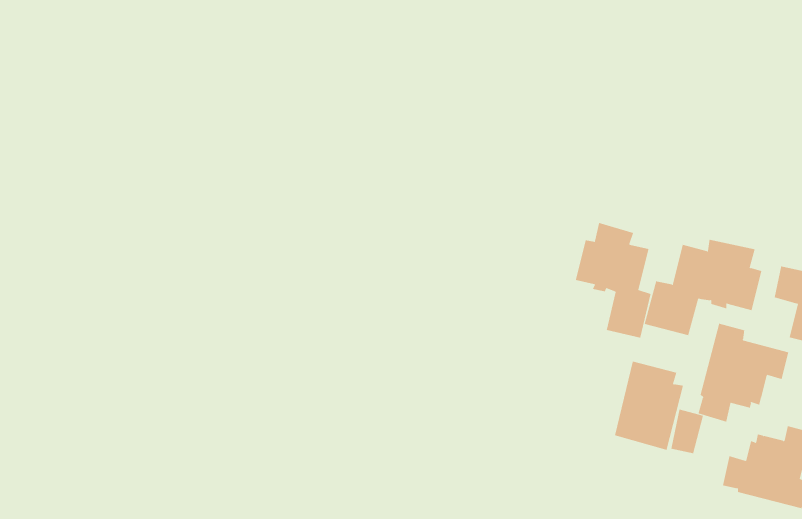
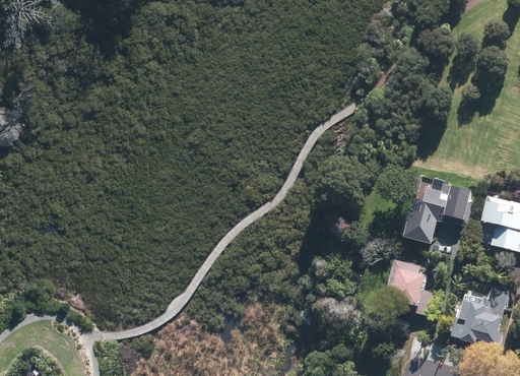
building: [575,222,651,339] -> none
building: [698,323,789,422] -> none

